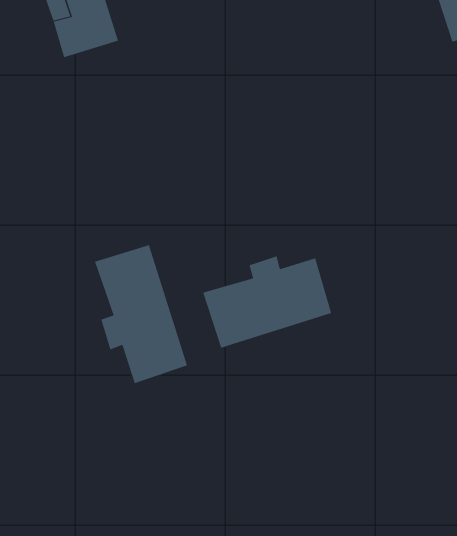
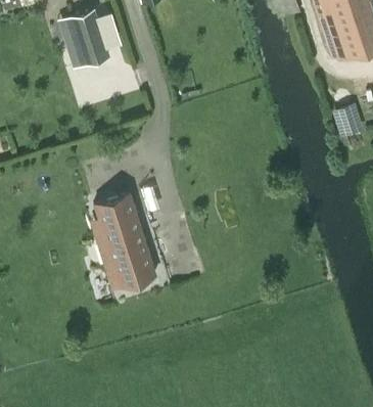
building: [202,255,332,348] -> none

